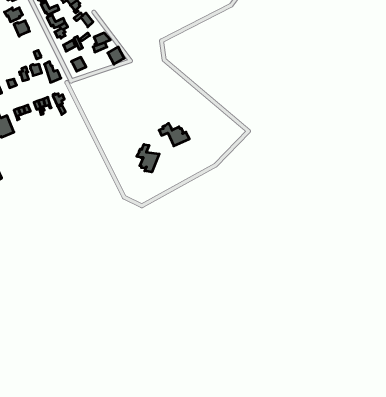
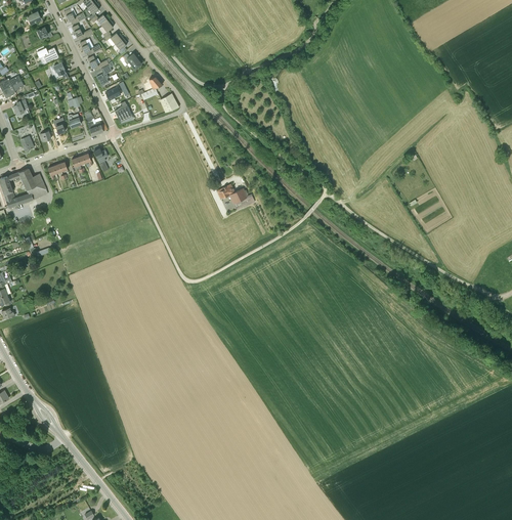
building: [137,144,159,172] -> none

